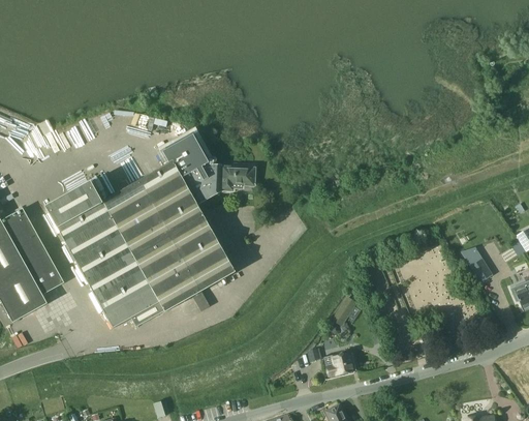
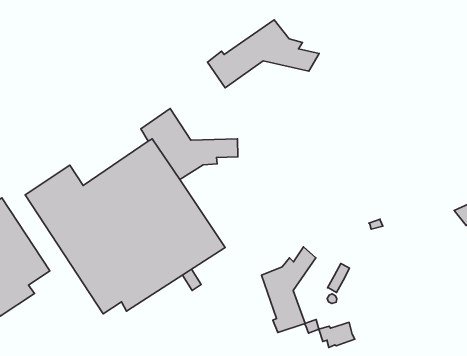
building: none -> [207,20,319,88]
building: none -> [262,247,316,332]

